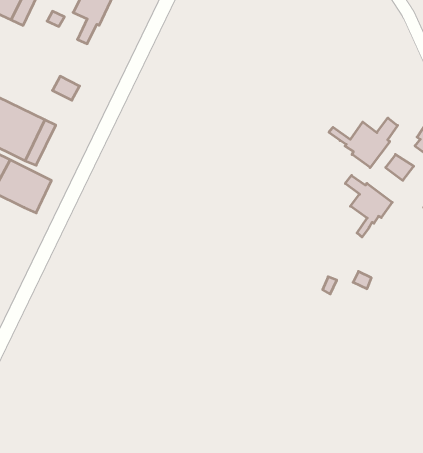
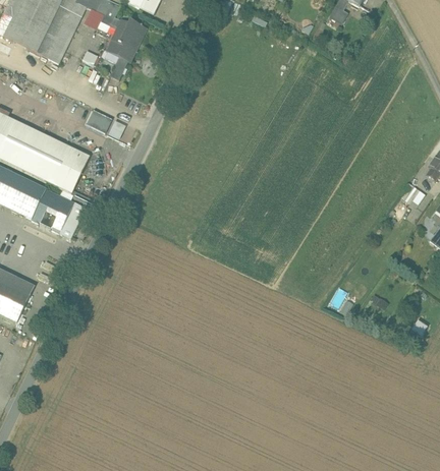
building: [329,118,398,168] -> none
building: [345,175,392,237] -> none

